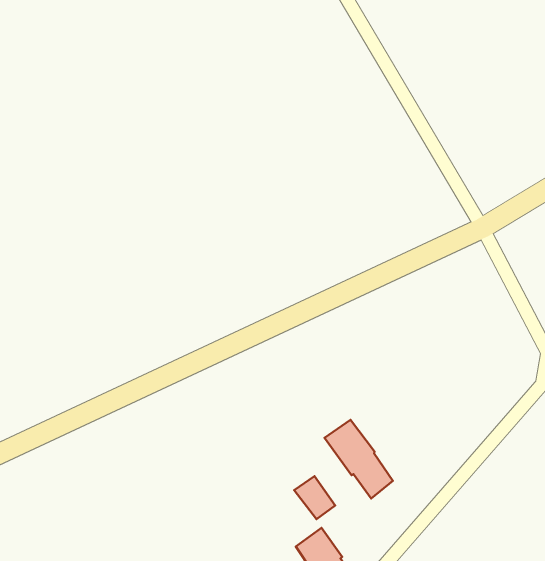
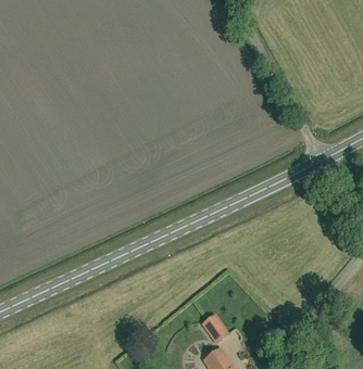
building: [324,420,393,499] -> none

